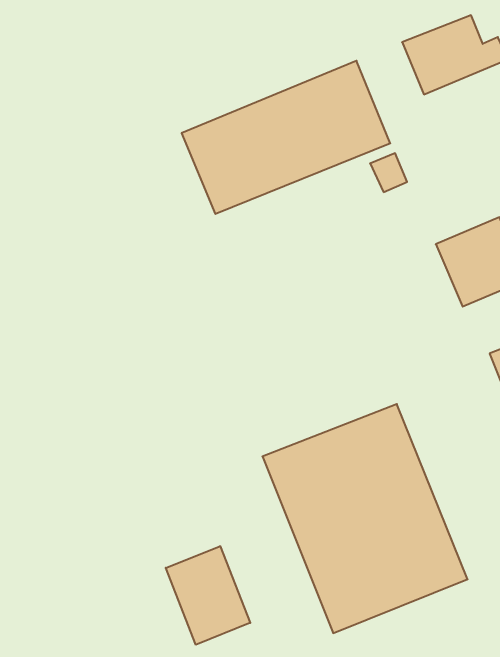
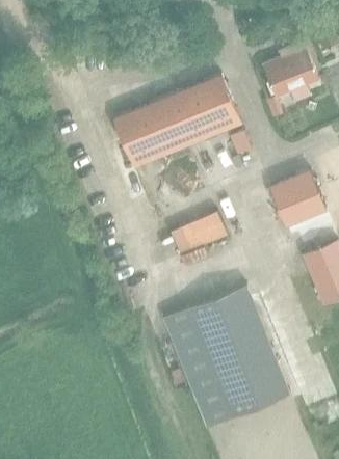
building: none -> [173,211,231,256]
building: [166,546,250,645] -> none

